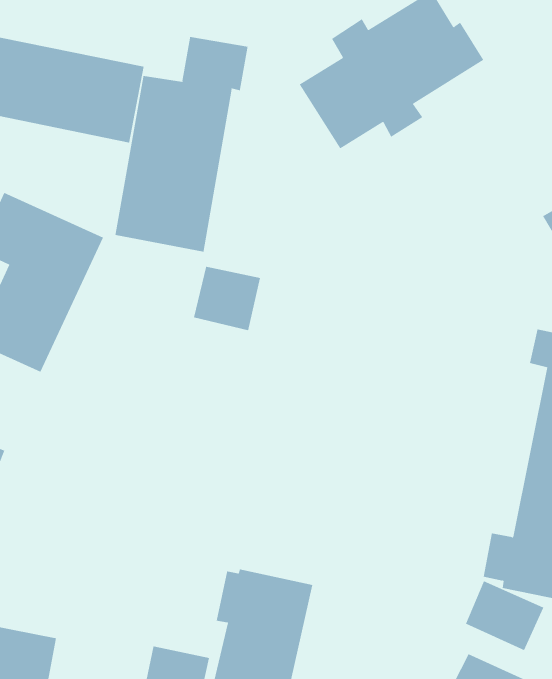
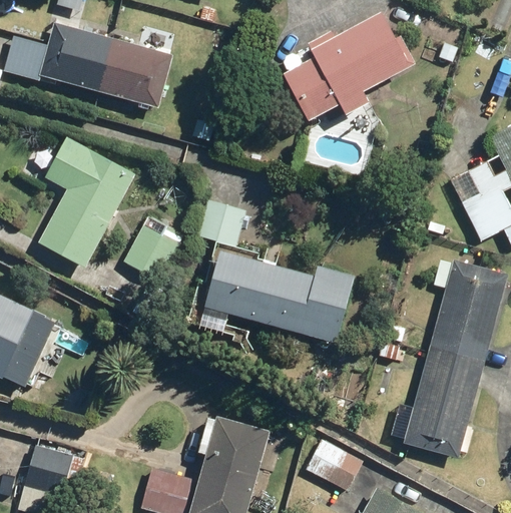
building: [115,36,248,253] -> none
building: none -> [122,217,183,282]
building: none -> [203,251,354,344]
building: [465,581,544,651] -> [306,439,363,491]

